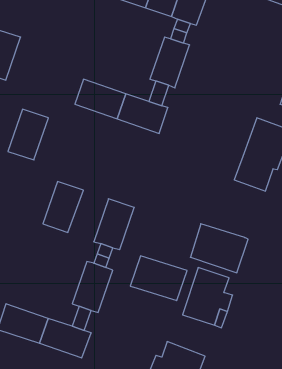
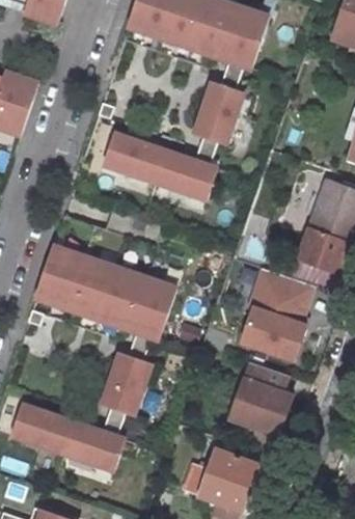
building: [8,109,48,160] -> [33,246,82,307]
building: none -> [94,267,143,329]
building: [130,256,187,301] -> [251,270,320,324]

